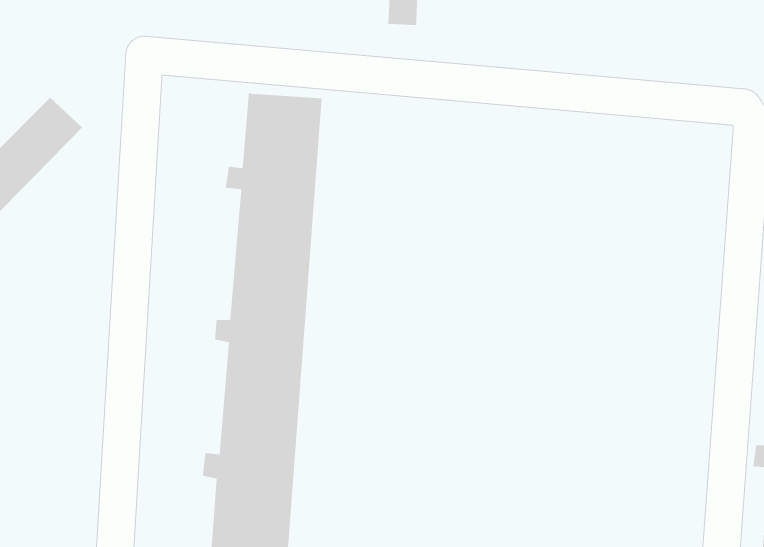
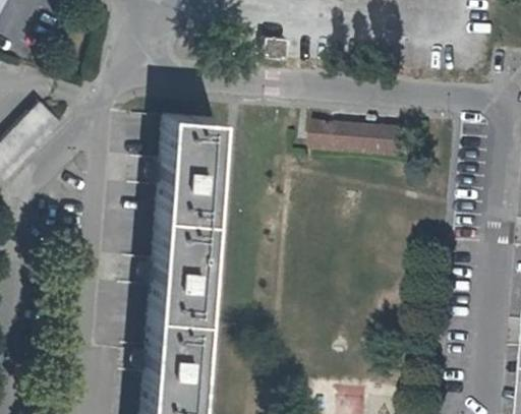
building: none -> [322,119,413,155]

